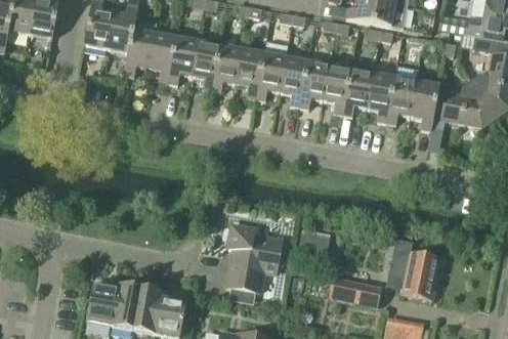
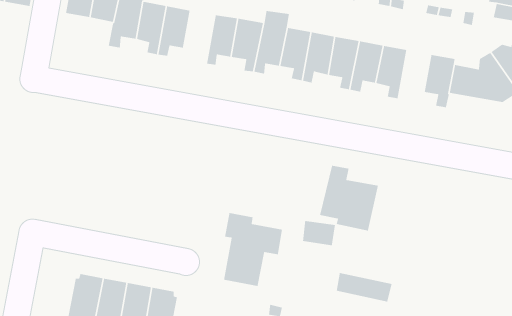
building: [192,41,220,90] -> none
building: [386,65,418,123] -> none
building: [386,239,440,299] -> [319,165,379,231]

